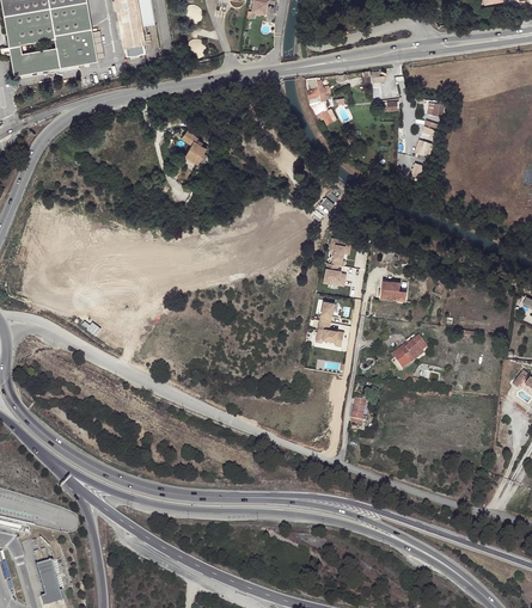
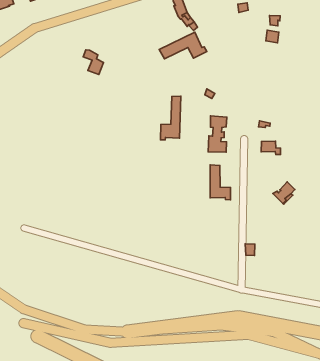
building: none -> [159,32,207,59]
building: none -> [161,96,181,140]

